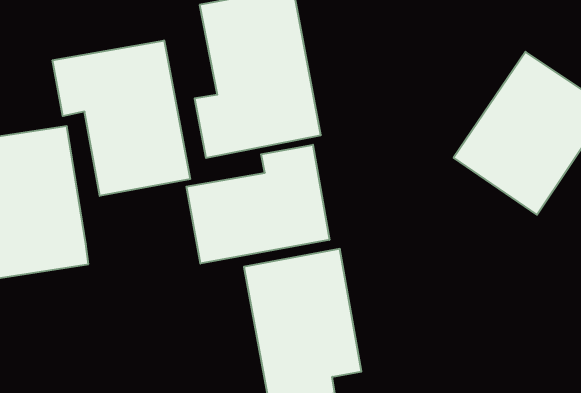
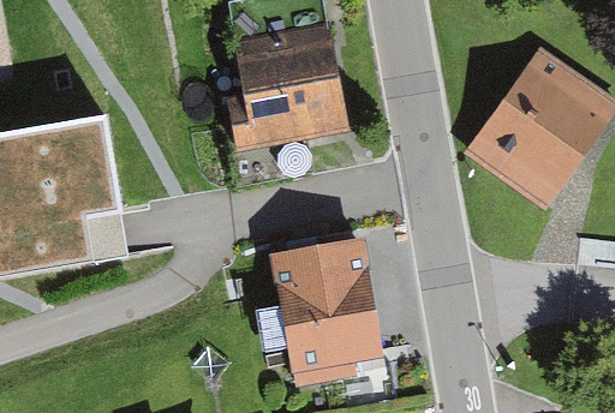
building: [53,40,190,196] -> none
building: [186,145,329,264] -> none

